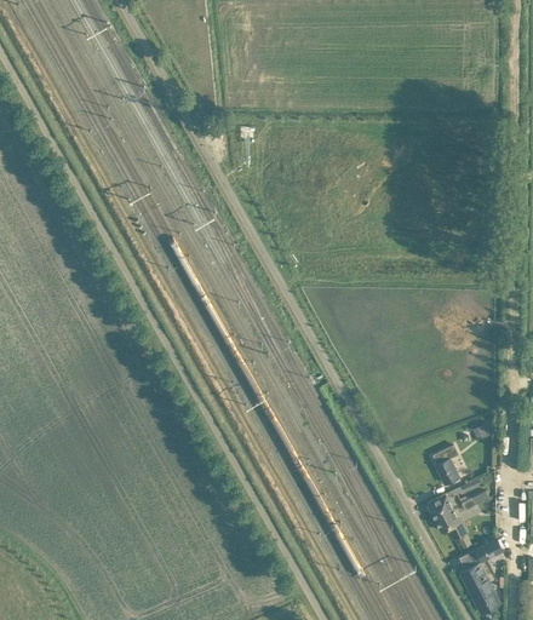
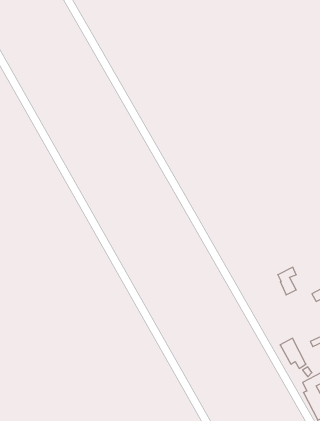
building: [432,443,459,483] -> [278,267,296,295]

